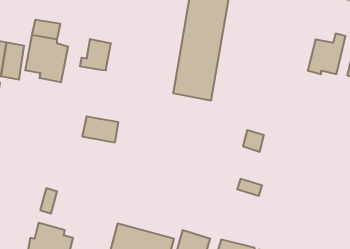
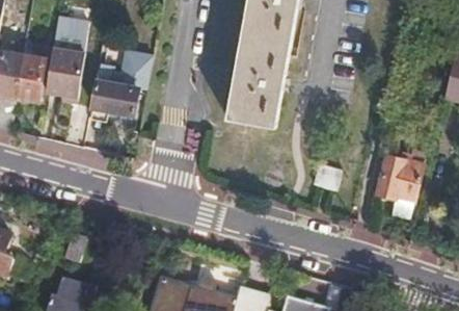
building: [308,34,346,74] -> [378,148,425,198]
building: [82,116,118,142] -> [91,81,136,113]

